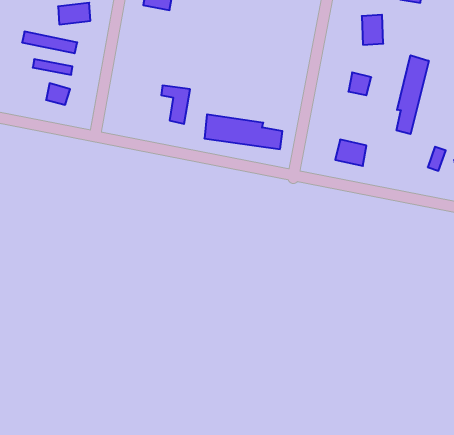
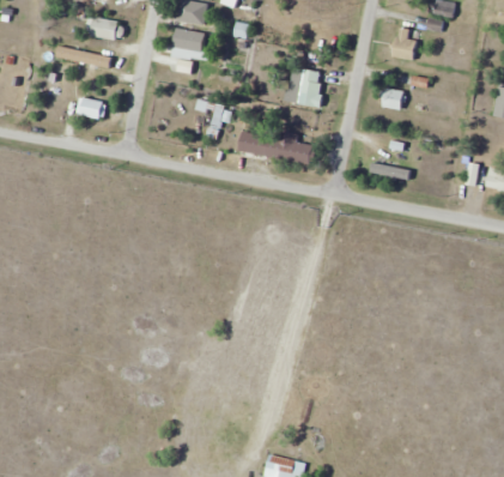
building: none -> [171,29,207,59]
building: none -> [287,68,321,105]
building: [397,55,429,134] -> none

